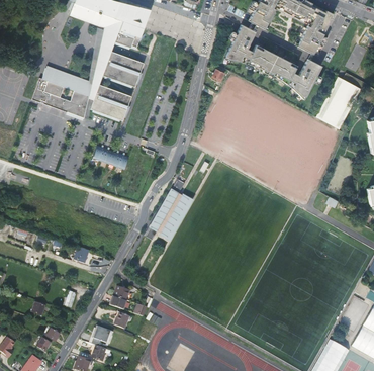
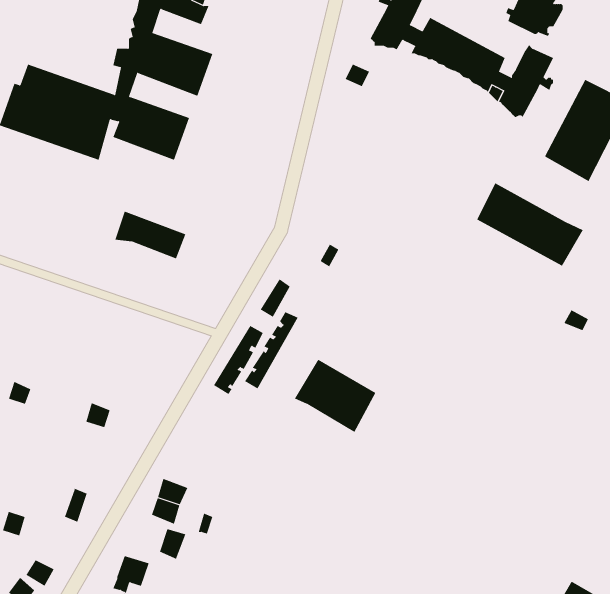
building: none -> [476,182,584,267]
building: none -> [294,359,376,433]

